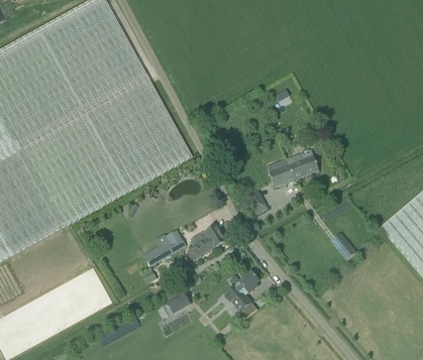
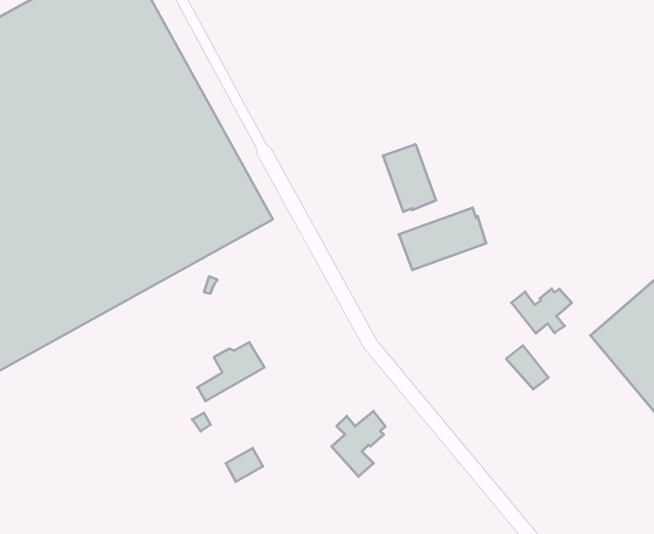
building: none -> [383,144,436,212]
building: none -> [511,289,572,333]
building: [188,225,225,259] -> none

